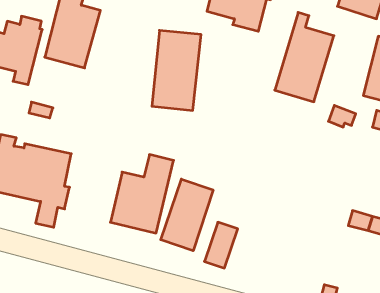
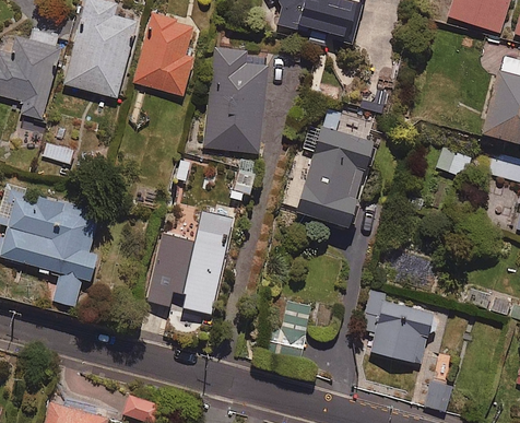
building: none -> [132,13,193,95]
building: [275,12,334,102] -> [295,110,373,227]
building: [161,179,213,251] -> none
building: none -> [365,291,444,364]

